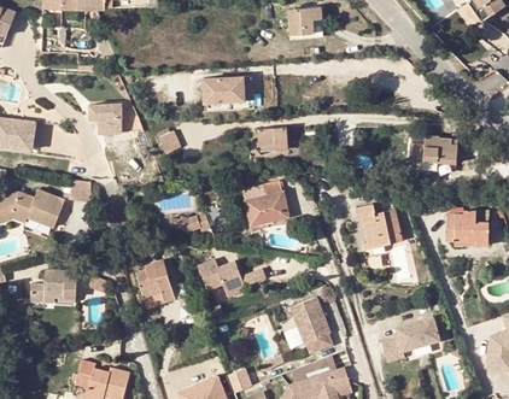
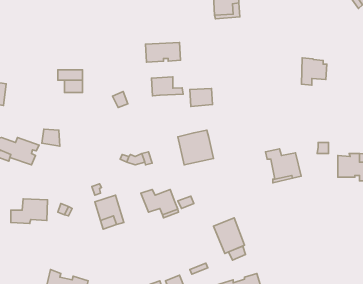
building: none -> [152,77,183,96]
building: [423,136,456,171] -> [301,58,327,85]
building: [382,315,441,360] -> none

